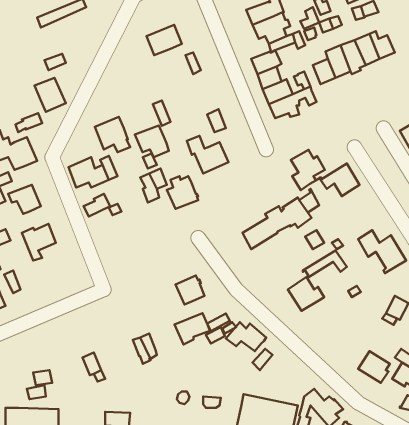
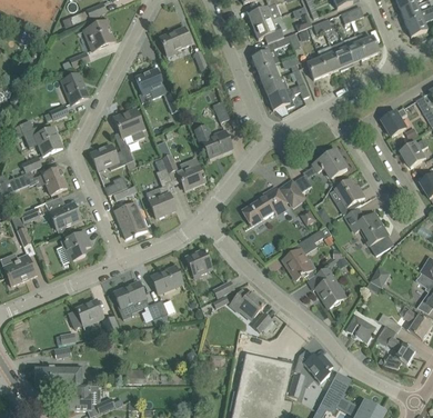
building: none -> [83,20,114,50]
building: [135,126,169,157] -> [135,69,165,97]
building: [291,150,325,190] -> [335,179,365,215]
building: none -> [145,183,175,217]
building: none -> [114,201,147,238]
building: none -> [61,231,91,261]
building: none -> [318,267,344,308]
building: [175,313,210,345] -> [151,266,182,293]
building: none -> [114,281,145,319]
building: none -> [69,299,103,328]

